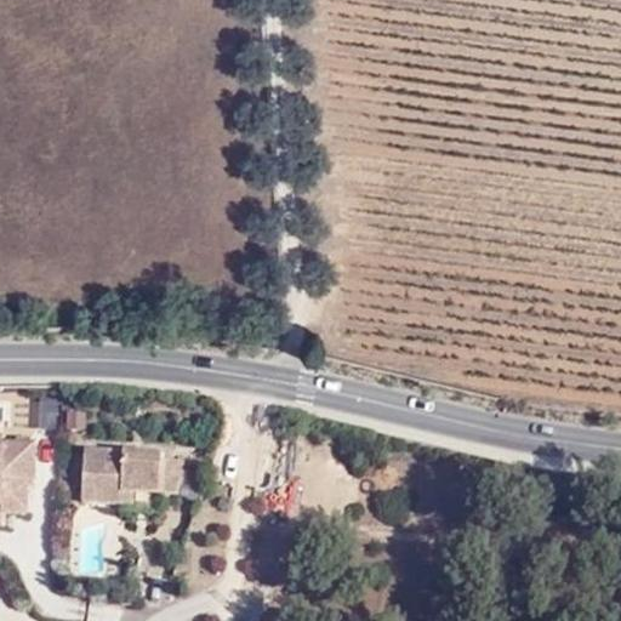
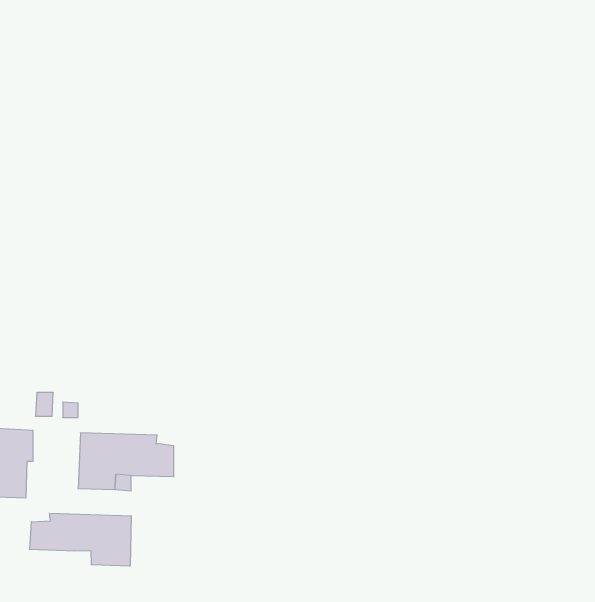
building: none -> [30,513,131,566]

